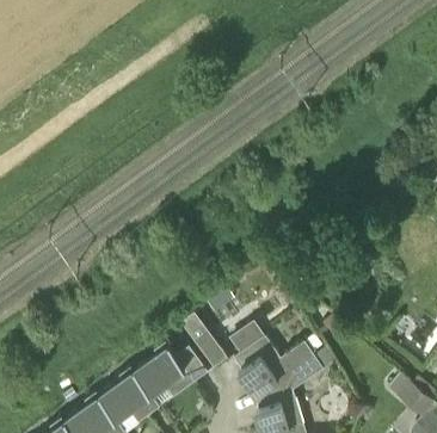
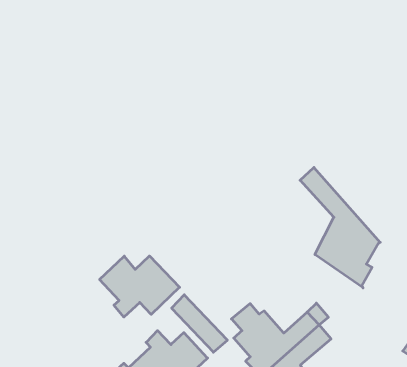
building: none -> [300,167,380,288]
building: none -> [100,256,180,317]

